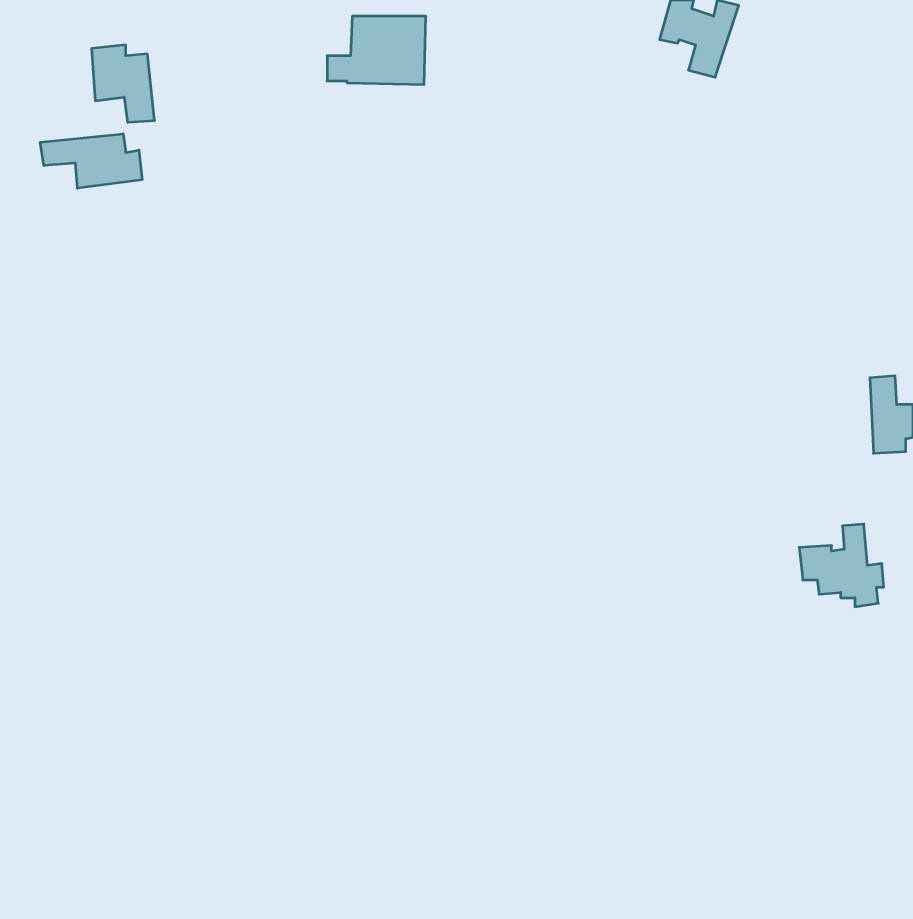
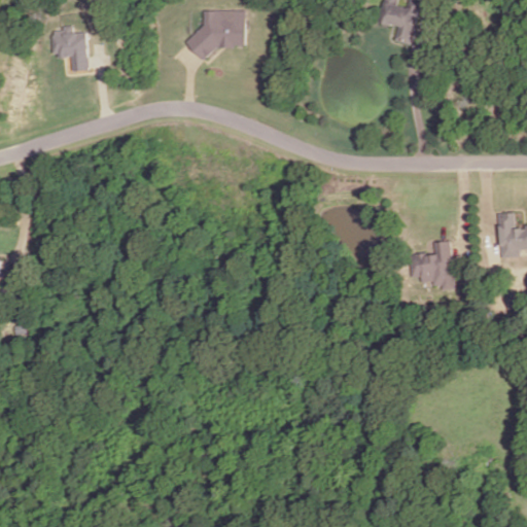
building: [40,134,142,188] -> none
building: [799,524,884,607] -> [409,243,457,290]

